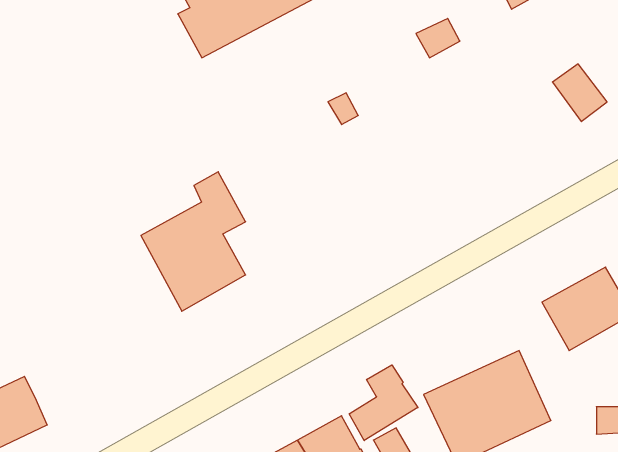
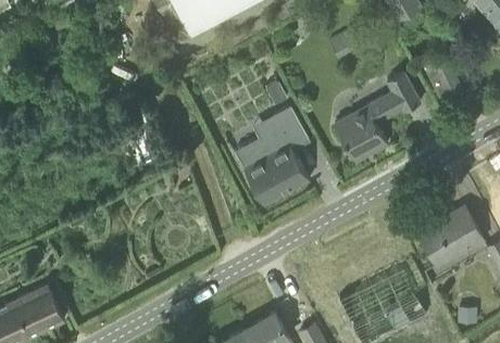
building: none -> [334,71,421,162]
building: [141,172,246,311] -> [235,104,310,204]
building: [349,365,418,441] -> none

